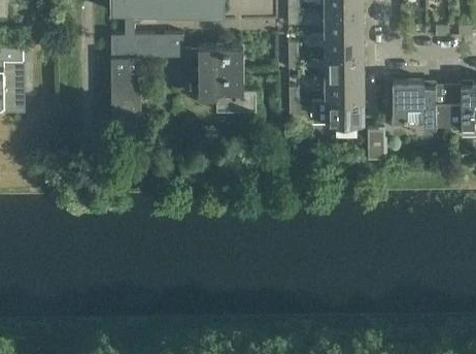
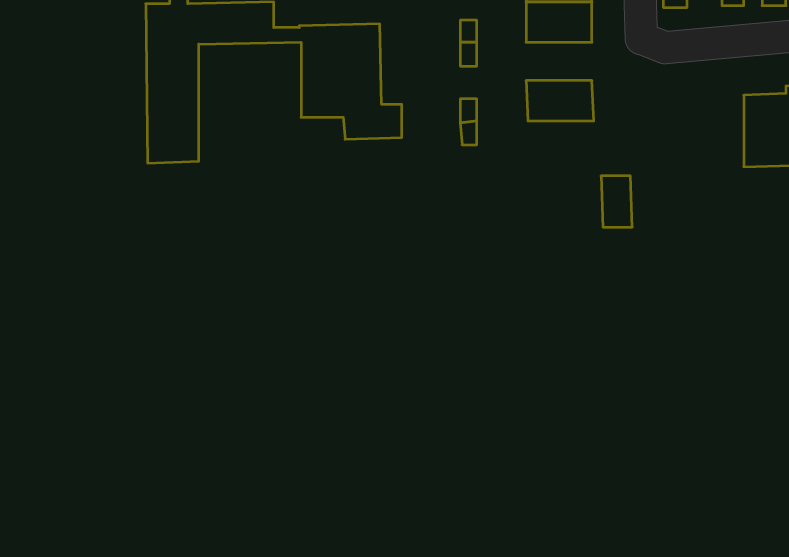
building: [326,57,363,78] -> none
building: [393,82,448,127] -> none
building: [327,101,364,125] -> none

